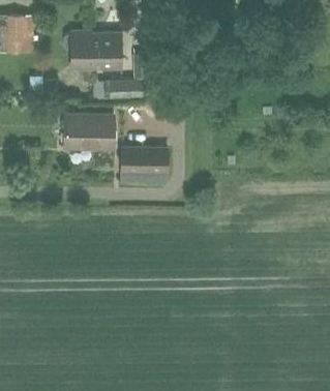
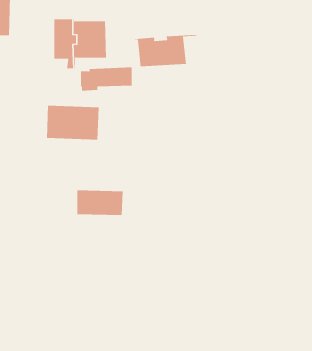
building: none -> [135,34,197,67]
building: [123,147,169,172] -> [77,190,124,216]

